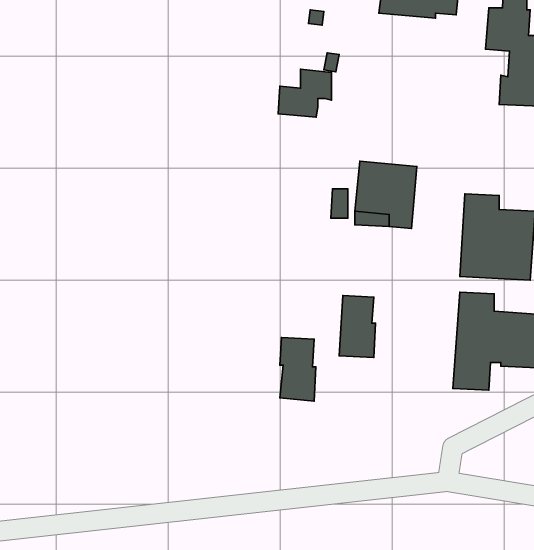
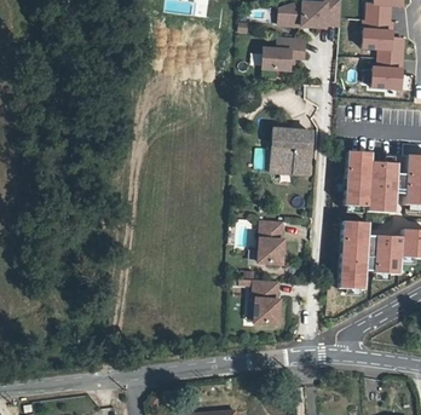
building: [278,69,332,117] -> [267,36,305,70]
building: [280,337,316,401] -> [254,283,279,328]

